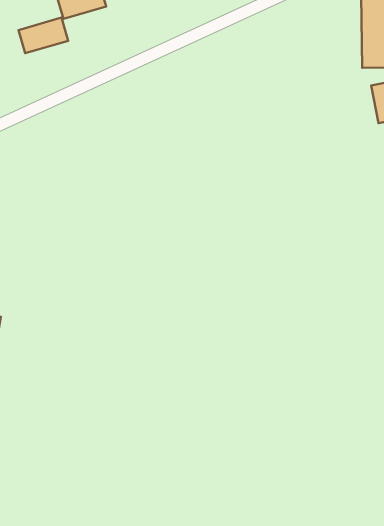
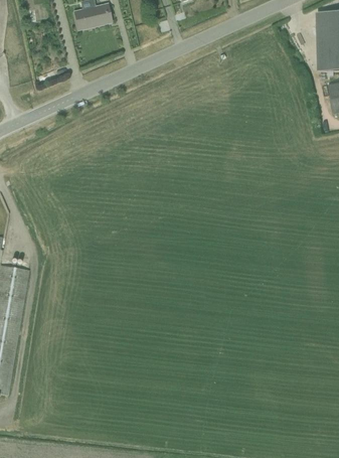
building: [19,17,68,53] -> none

